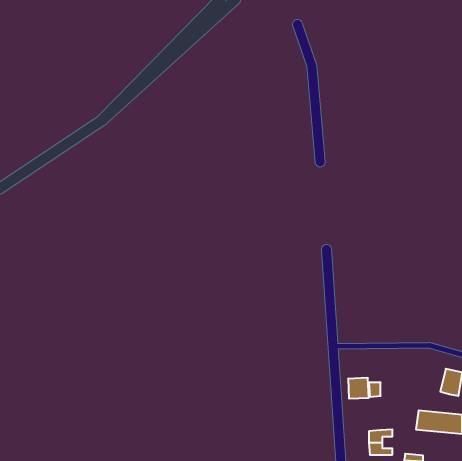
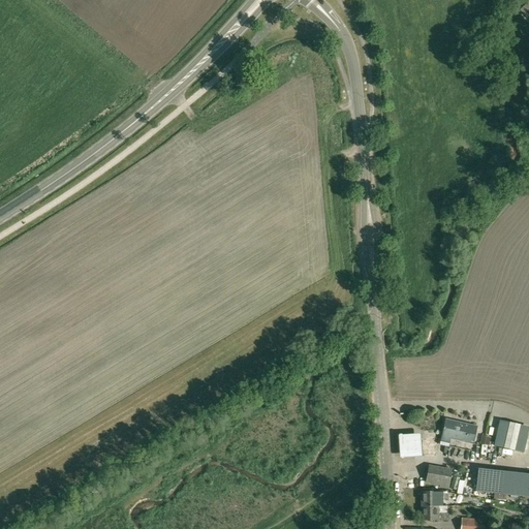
building: none -> [442,419,477,444]
building: none -> [426,465,452,488]

